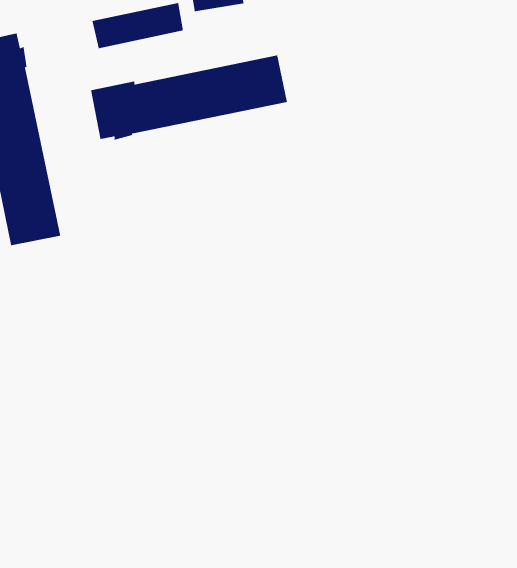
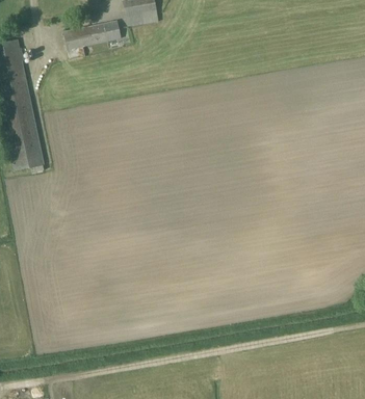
building: [90,54,288,141] -> none

